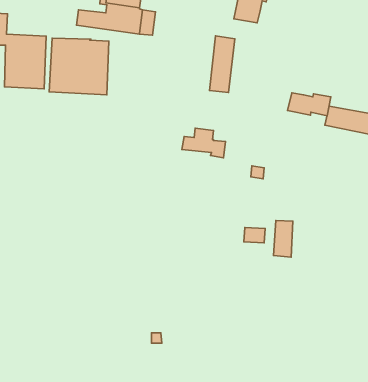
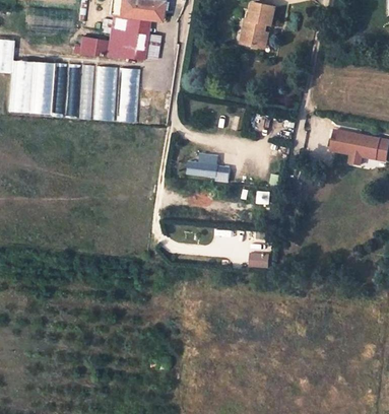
building: [209,36,235,92] -> [115,66,140,123]
building: [288,93,331,116] -> none
building: [273,221,293,257] -> none

